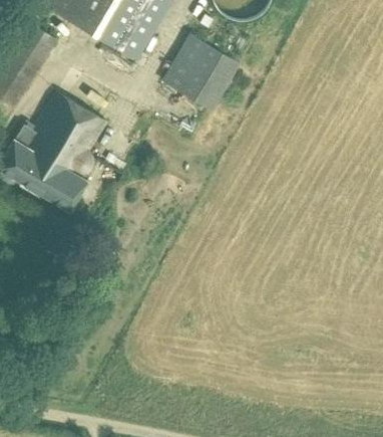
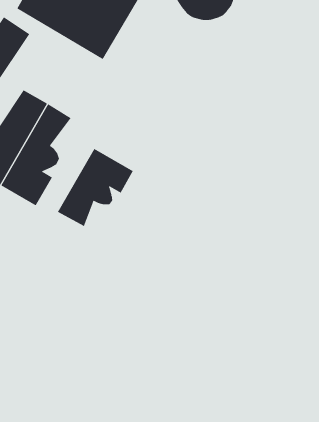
building: [160,32,239,112] -> none
building: none -> [57,148,134,227]

